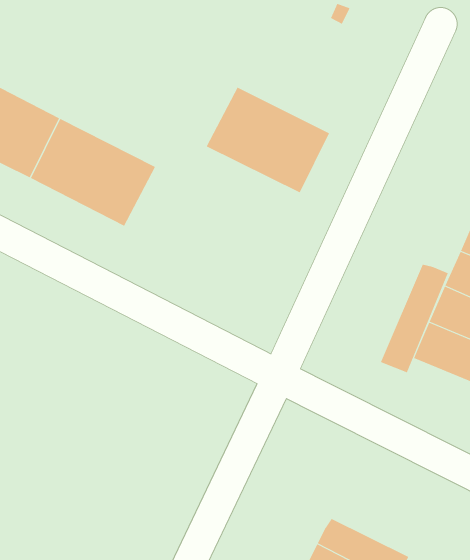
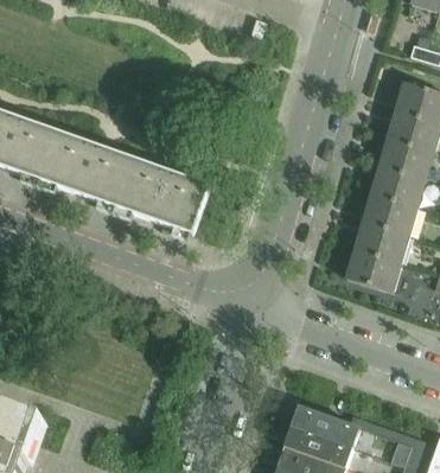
building: [206,87,330,193] -> [117,160,209,234]
building: [380,264,449,373] -> none

